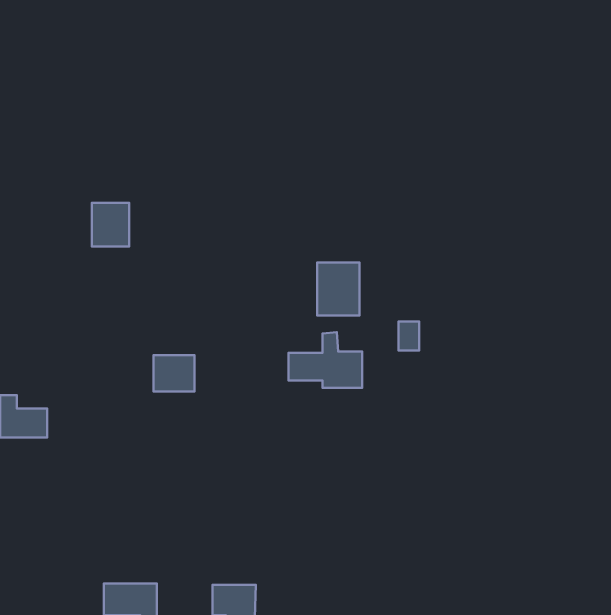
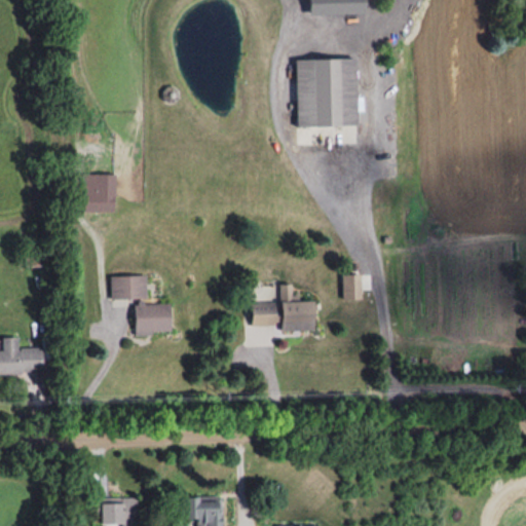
building: none -> [296,59,356,127]
building: [317,263,359,315] -> none
building: none -> [112,276,147,300]

